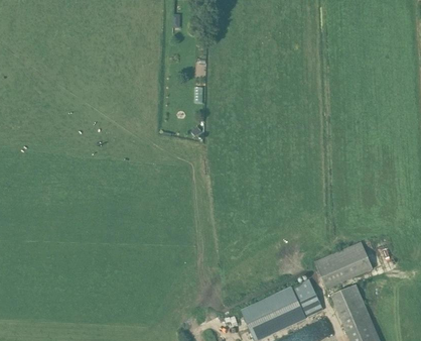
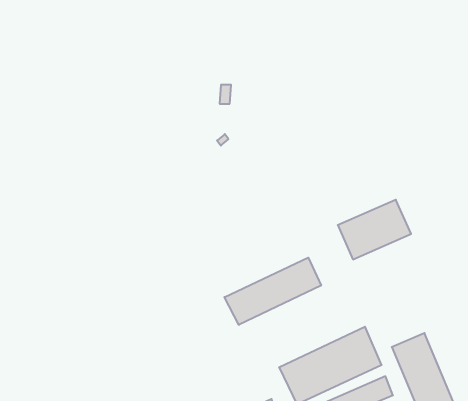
building: none -> [224,258,321,325]
building: [313,241,372,289] -> [338,200,411,259]

